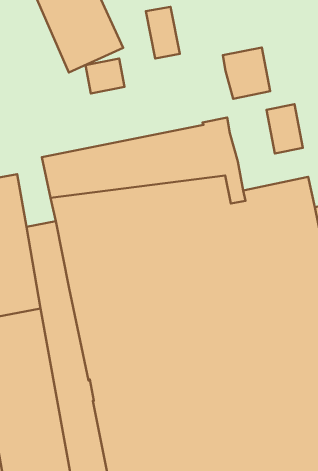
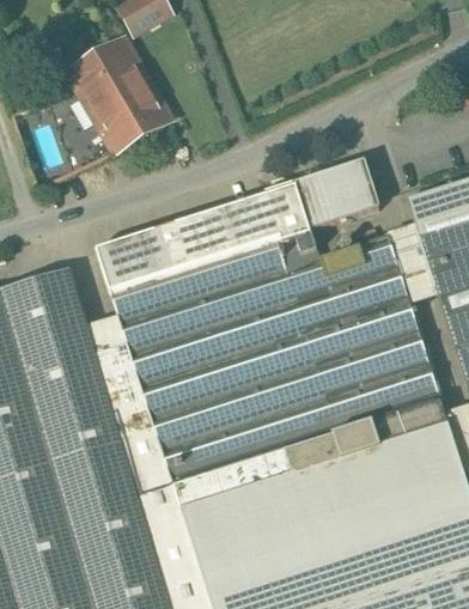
building: [146,7,180,58] -> none
building: [223,47,270,99] -> [293,172,349,232]
building: [85,58,124,94] -> none

